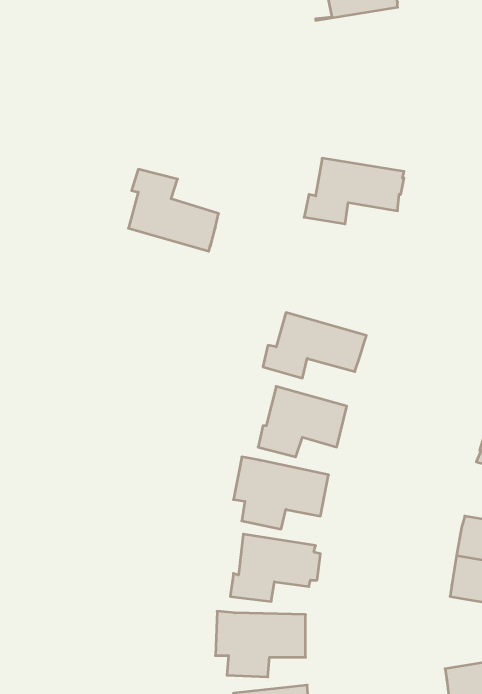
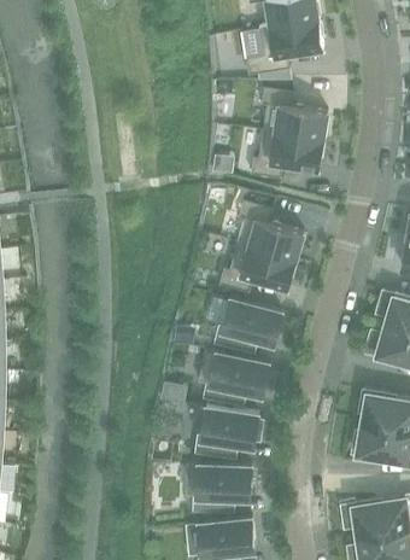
building: none -> [245,19,323,75]
building: none -> [260,87,327,140]
building: [128,169,219,251] -> [236,200,303,261]

